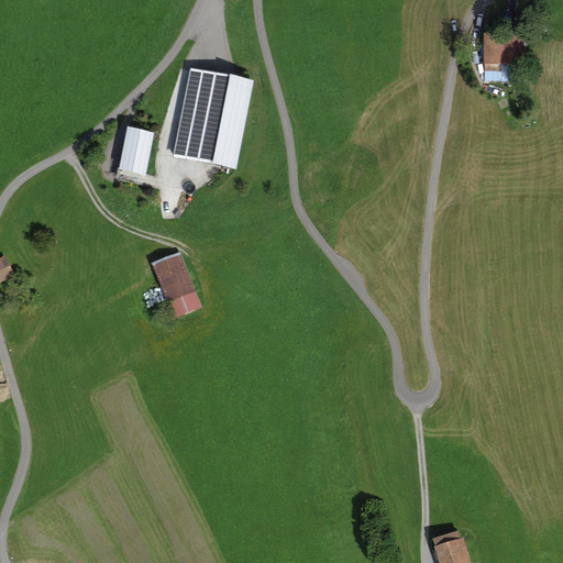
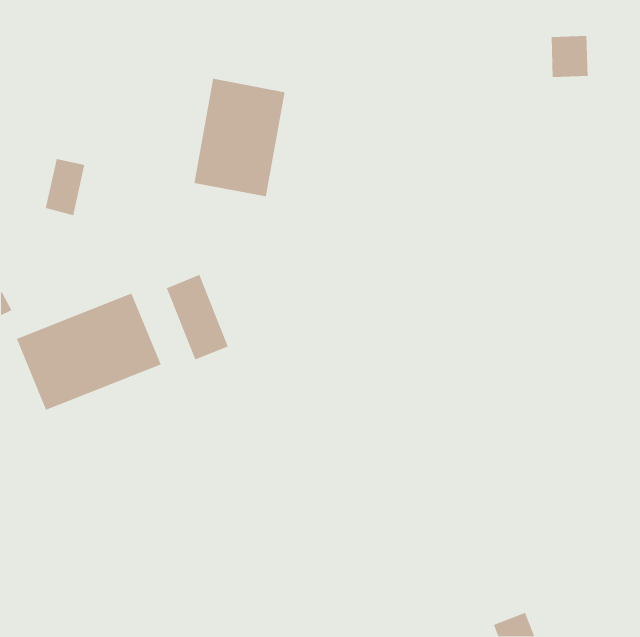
building: [115,126,151,177] -> [45,158,85,216]
building: none -> [16,292,162,411]

